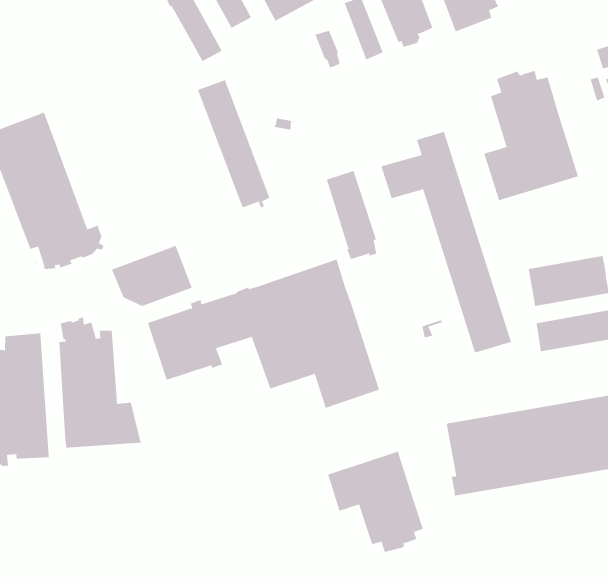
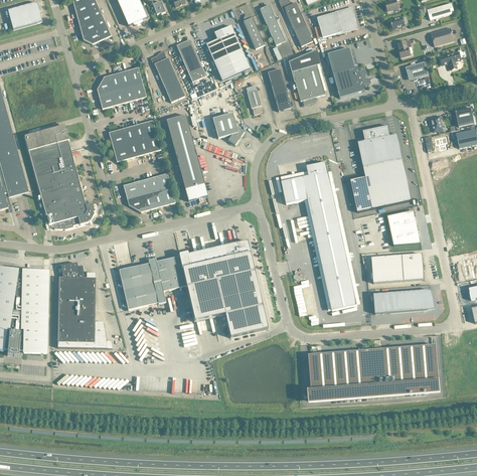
building: none -> [96,66,145,108]
building: none -> [211,112,244,143]
building: none -> [108,119,160,160]
building: [326,170,377,260] -> none
building: none -> [386,209,421,244]
building: [111,245,193,306] -> [122,172,174,210]
building: [327,451,423,553] -> none

